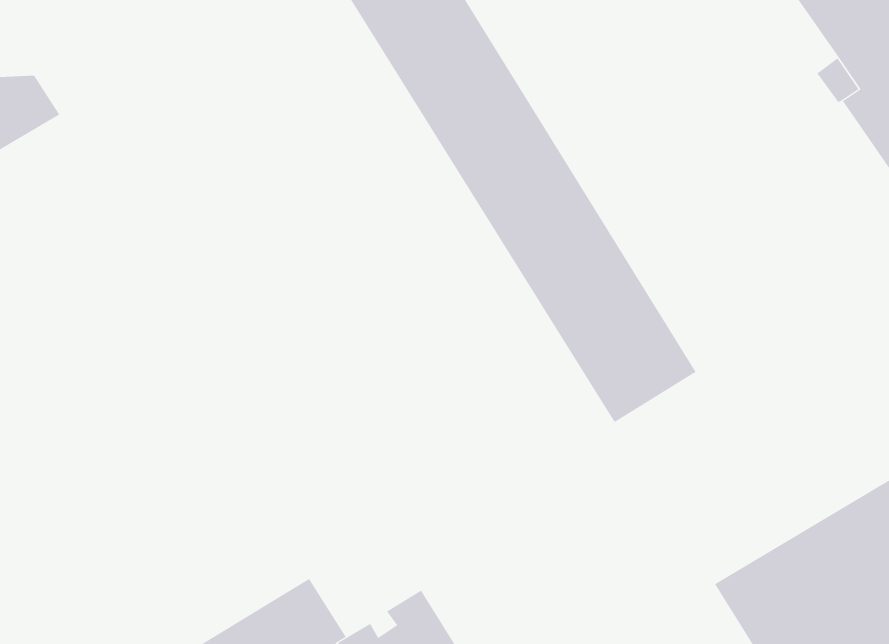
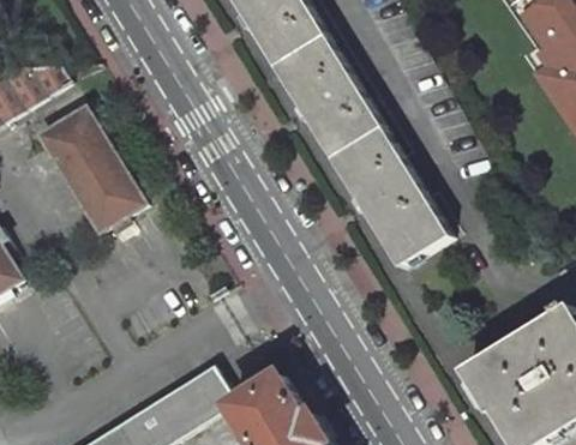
building: none -> [35,108,140,235]

